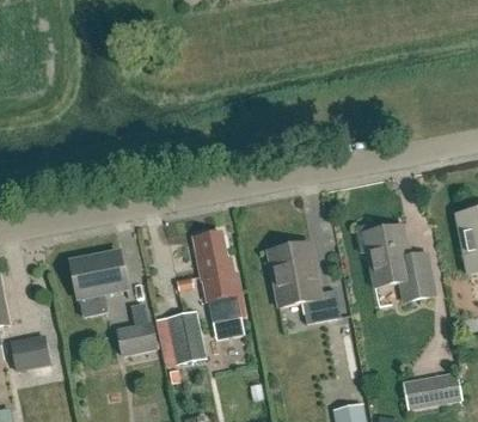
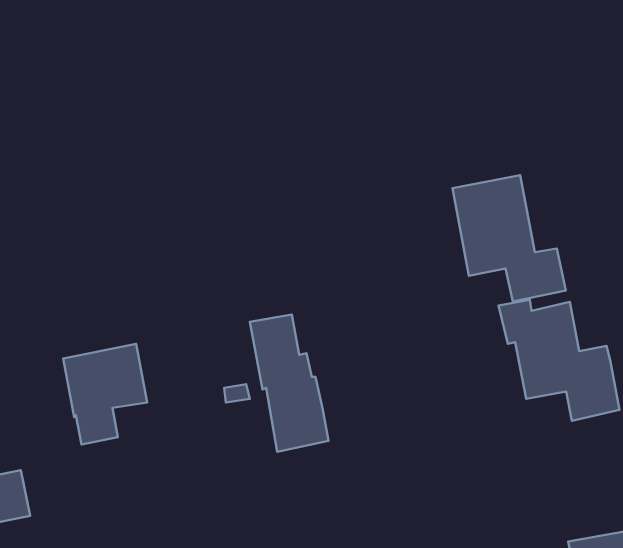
building: [266,240,341,323] -> [452,175,566,302]
building: [165,308,204,362] -> none
building: [115,319,157,354] -> none

